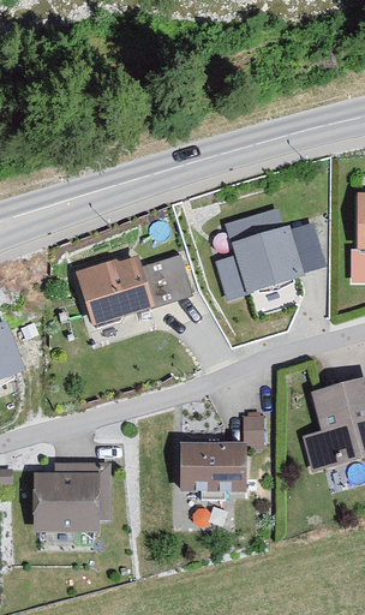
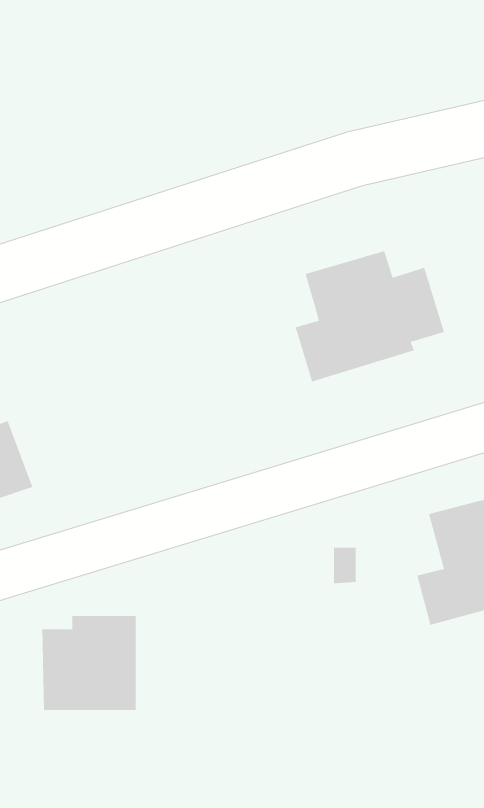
building: [76,255,195,327] -> none
building: [180,444,247,491] -> none

